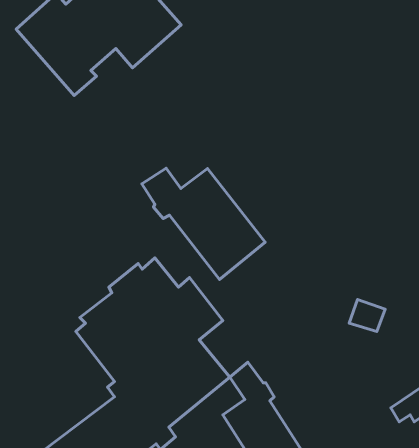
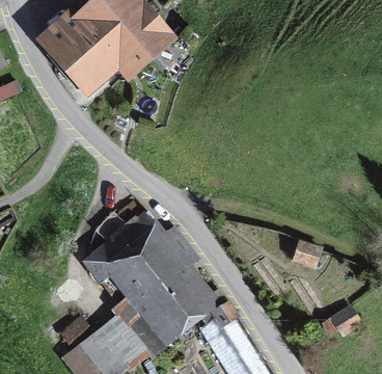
building: [142,168,265,279] -> none

